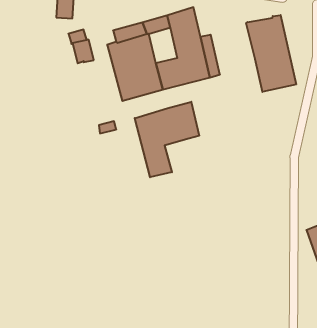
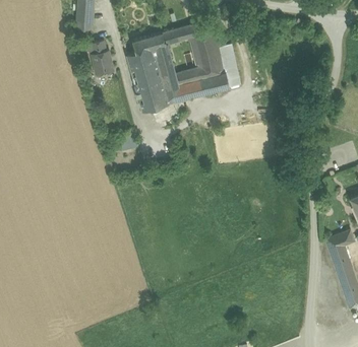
building: [246,15,296,92] -> none
building: [135,102,199,177] -> none

